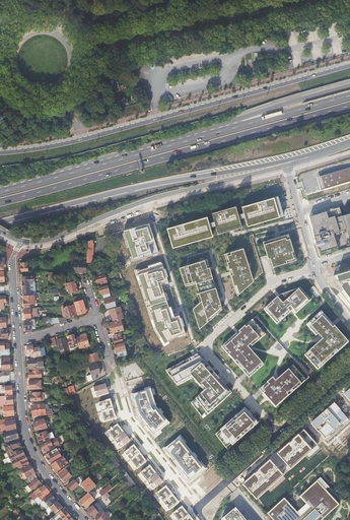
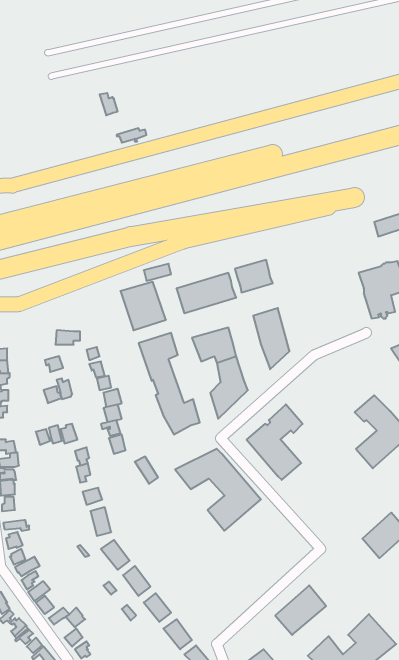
building: [241,195,284,225] -> none
building: [264,231,297,265] -> none
building: [264,286,312,323] -> none
building: [260,364,306,406] -> none
building: [132,388,168,435] -> none
building: [215,405,259,448] -> none
building: [277,430,318,468] -> none
building: [164,437,205,480] -> none

